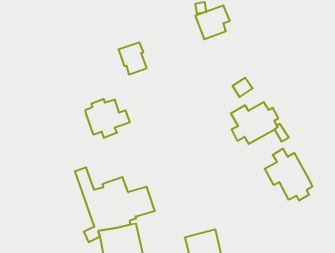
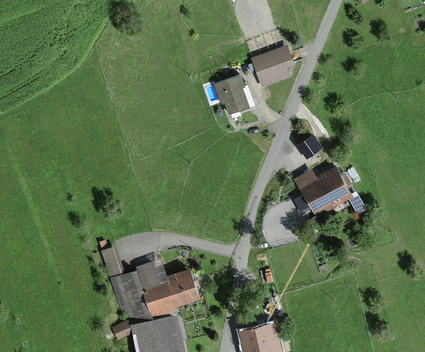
building: [118,42,147,75] -> [214,74,249,114]
building: [85,99,130,138] -> none
building: [265,149,312,201] -> none

